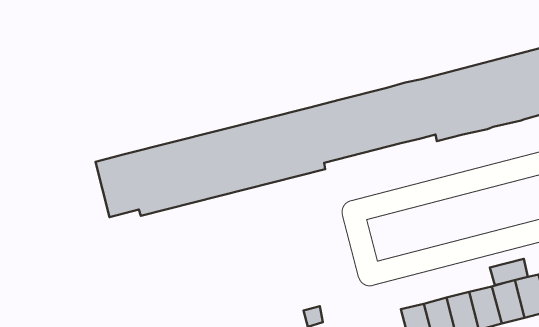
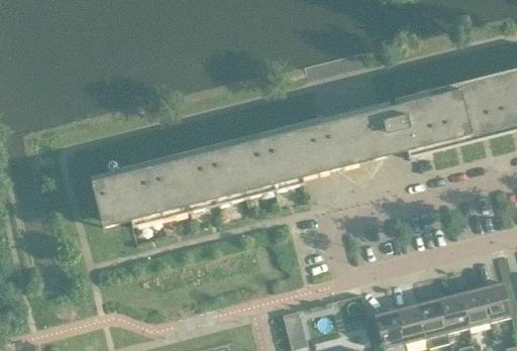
building: [490,259,528,285] -> none

